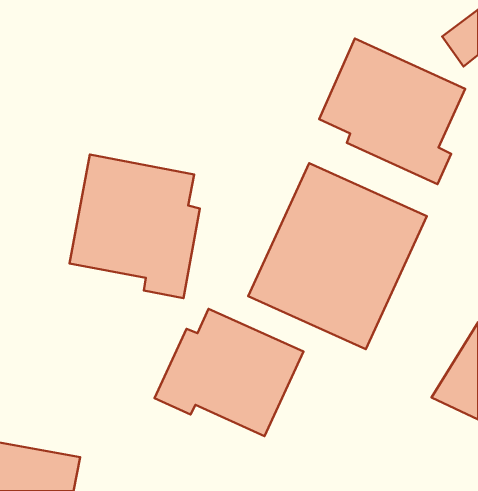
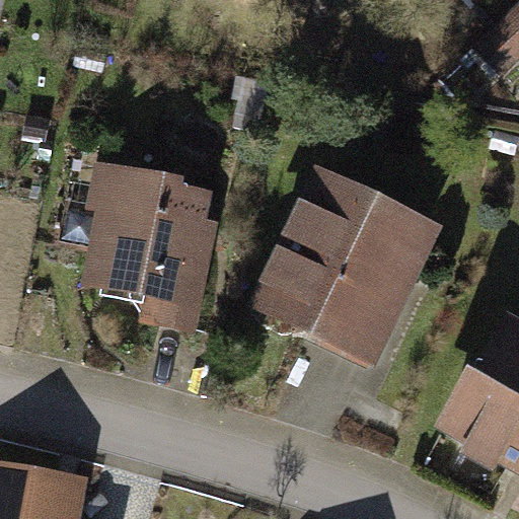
building: [319,39,465,184] -> none
building: [155,309,303,436] -> none

